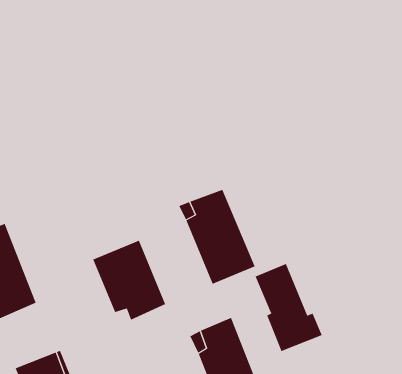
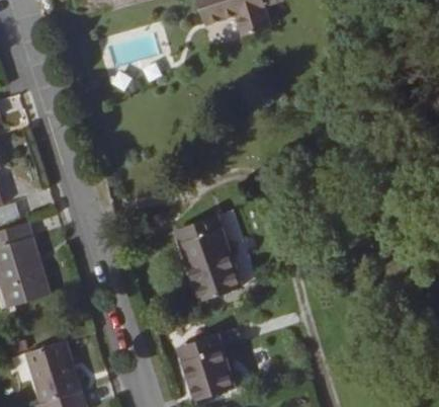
building: [93,240,166,321] -> none
building: [255,263,323,352] -> none

